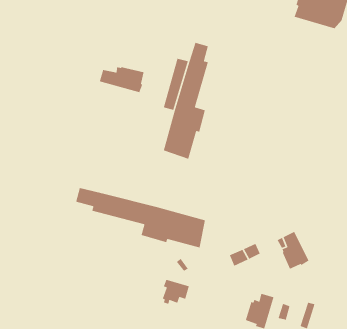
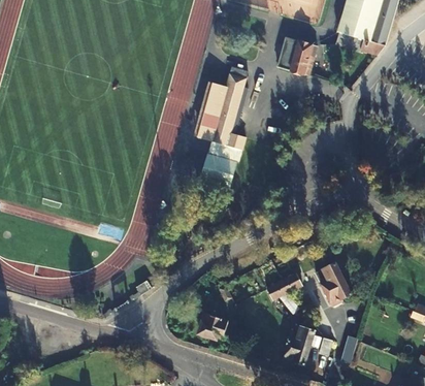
building: none -> [276,38,317,76]
building: [99,66,144,93] -> none
building: [75,187,206,249] -> none

